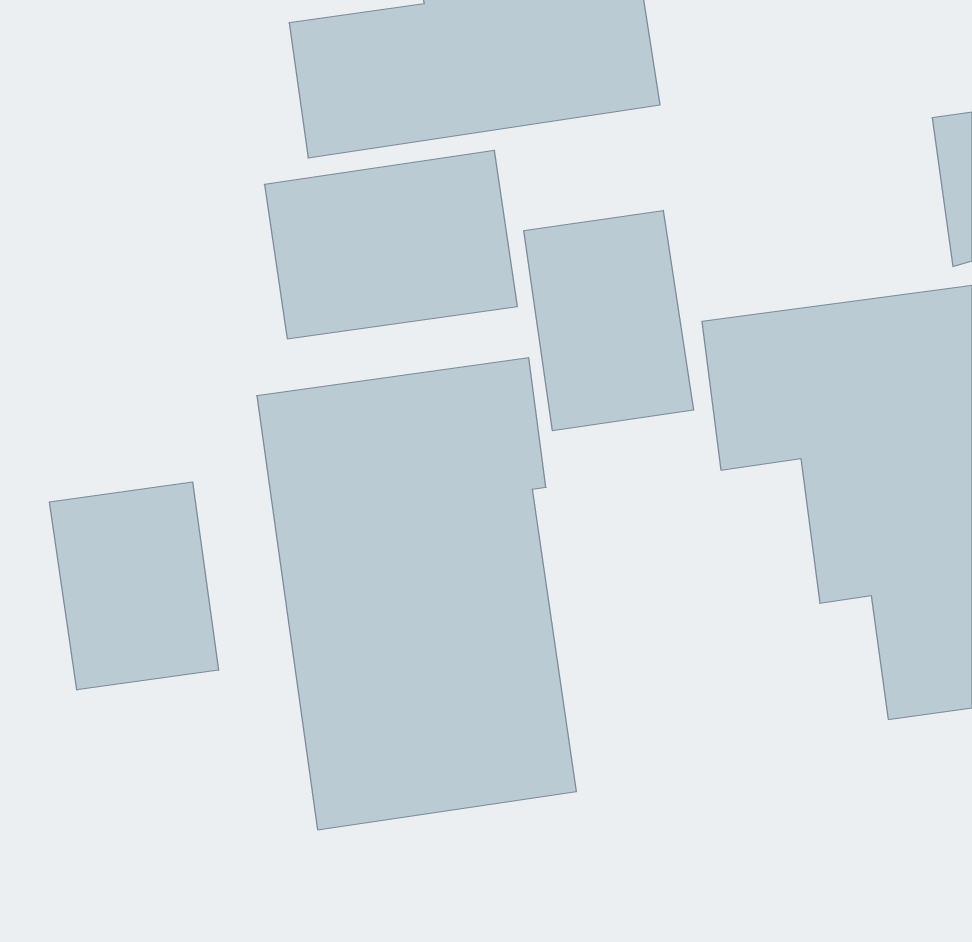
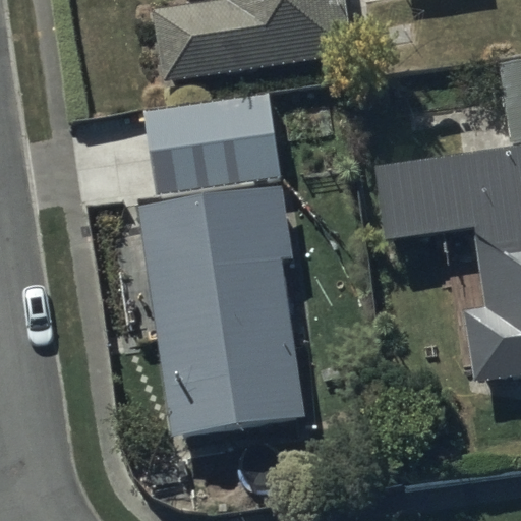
building: [524,210,694,431] -> none
building: [49,482,218,690] -> none

